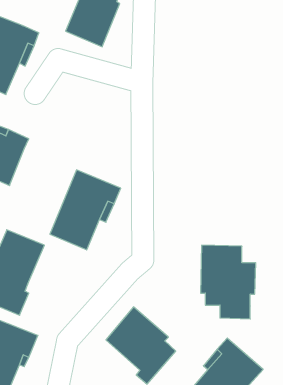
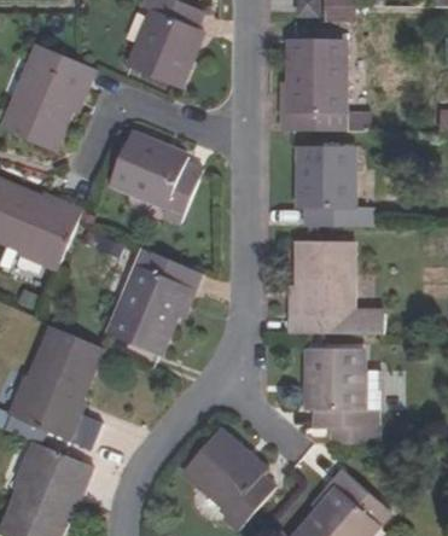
building: none -> [280,39,370,130]
building: none -> [109,133,202,223]
building: none -> [297,146,372,226]
building: none -> [289,241,384,333]

